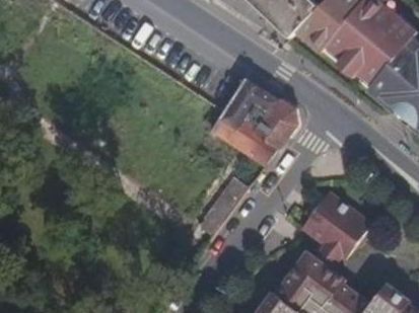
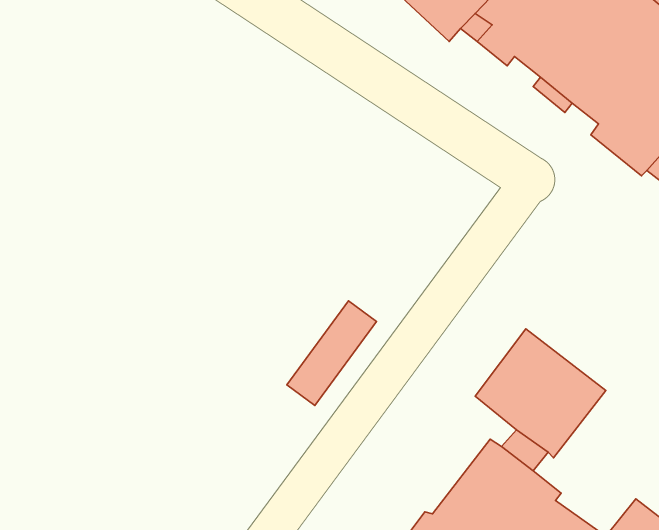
building: [211,78,297,166] -> none

